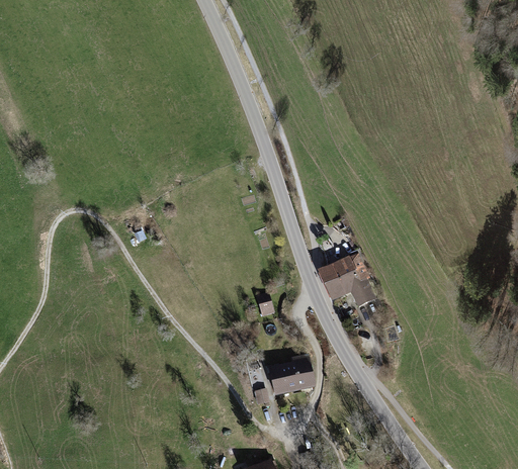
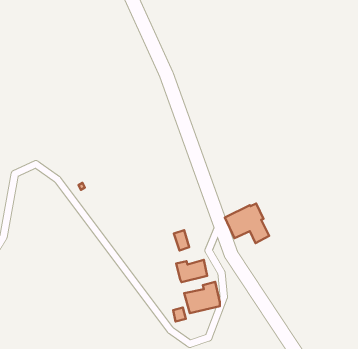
building: none -> [176,260,207,282]

